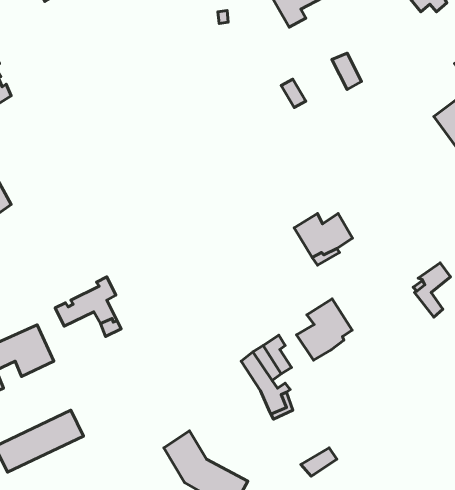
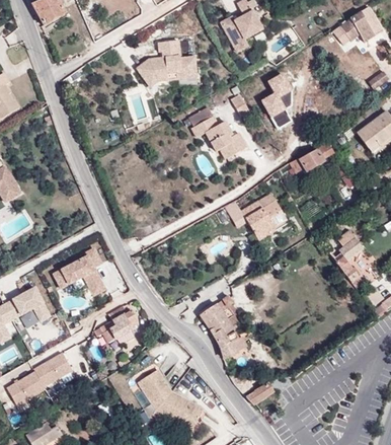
building: none -> [136,41,196,86]
building: none -> [263,92,291,127]
building: none -> [189,108,246,159]
building: none -> [289,141,333,173]
building: [297,299,352,360] -> none
building: none -> [92,306,136,344]

